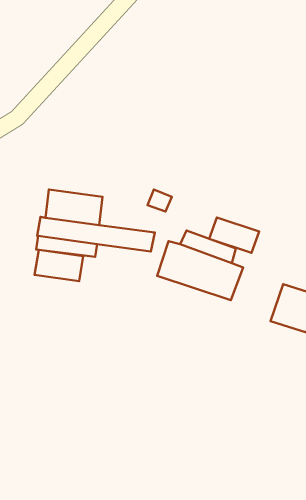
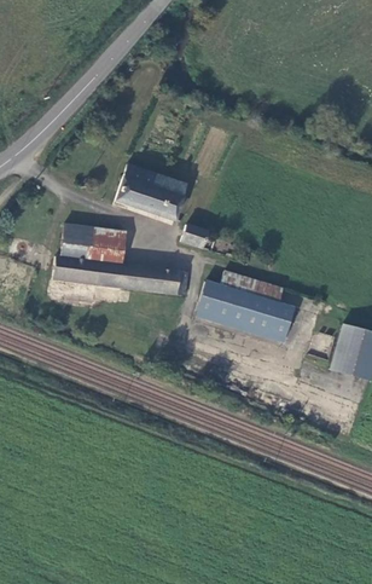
building: none -> [117,160,190,215]
building: [209,217,259,253] -> none
building: [35,250,83,281] -> none

